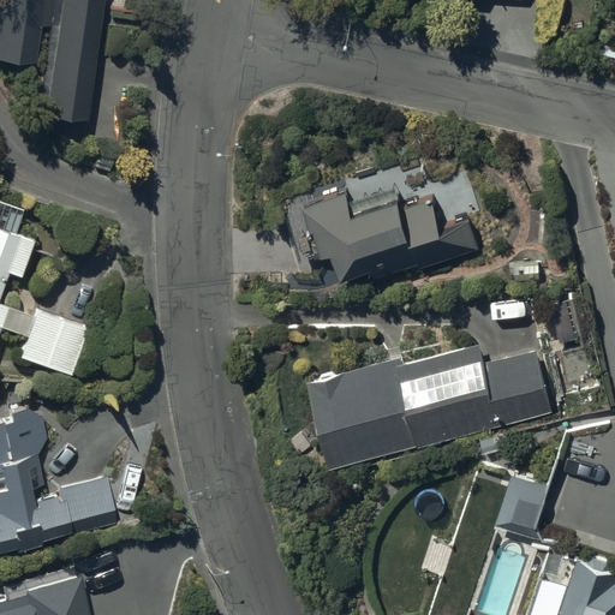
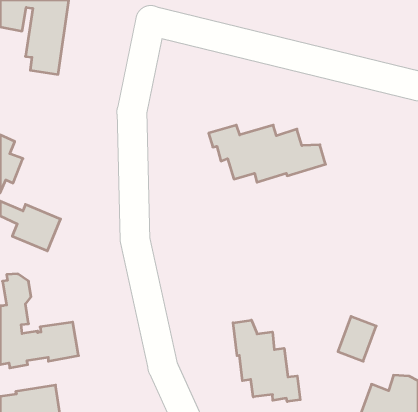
building: [311,344,551,465] -> none
building: none -> [233,320,300,402]

